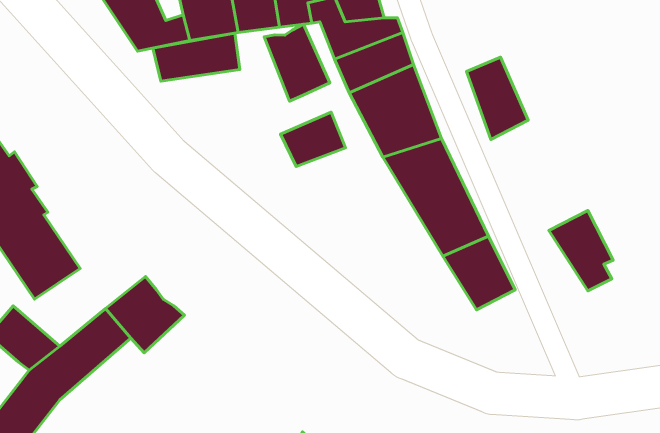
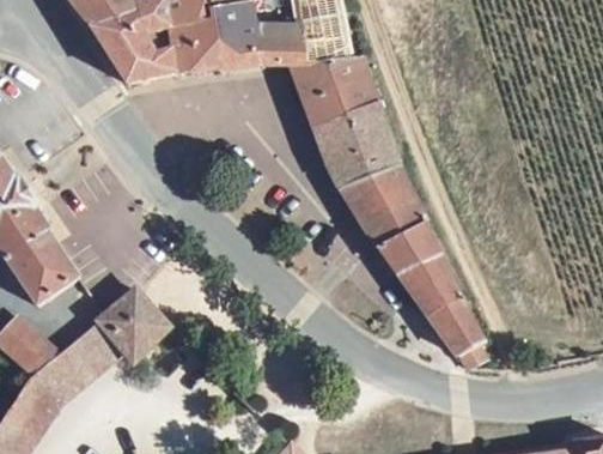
building: [264,24,330,101] -> none
building: [153,33,240,81] -> none
building: [467,57,528,139] -> none
building: [281,112,346,166] -> none
building: [549,210,613,291] -> [432,301,489,373]

